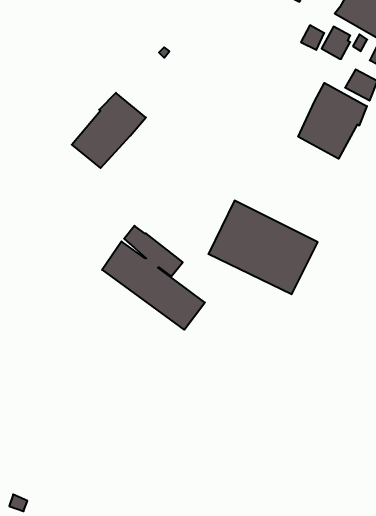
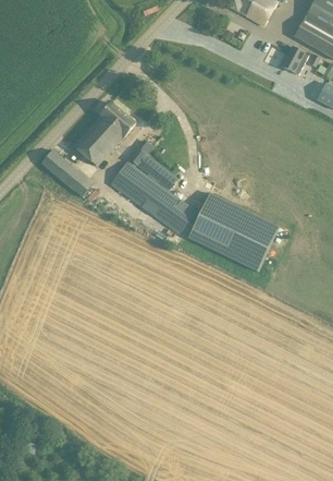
building: [298,83,367,159] -> none
building: none -> [41,149,94,197]
building: [102,226,205,330] -> [111,147,197,235]

